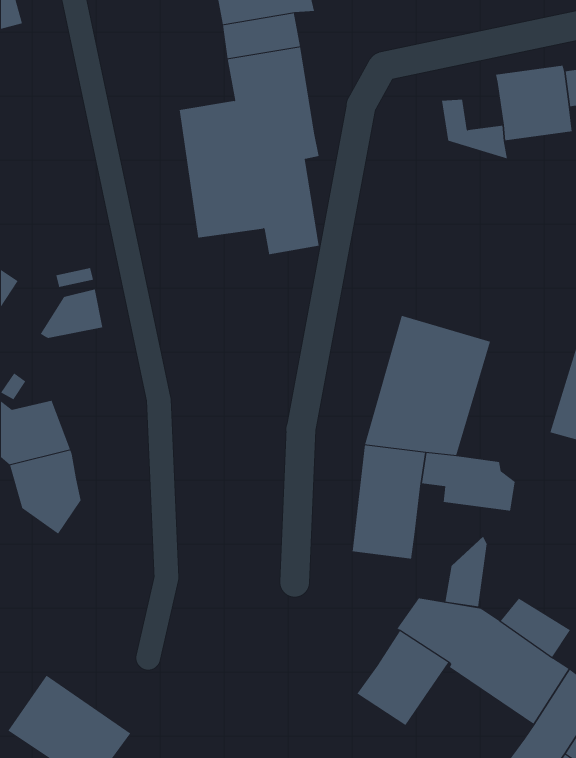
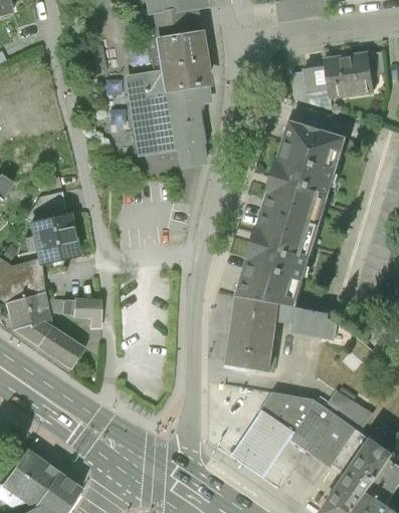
building: none -> [301,58,328,89]
building: none -> [261,121,347,227]
building: none -> [26,217,81,268]
building: none -> [47,300,105,331]
building: none -> [38,330,85,374]
building: [445,536,487,607] -> none

